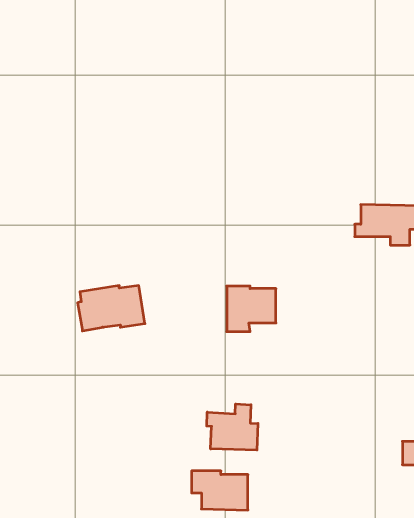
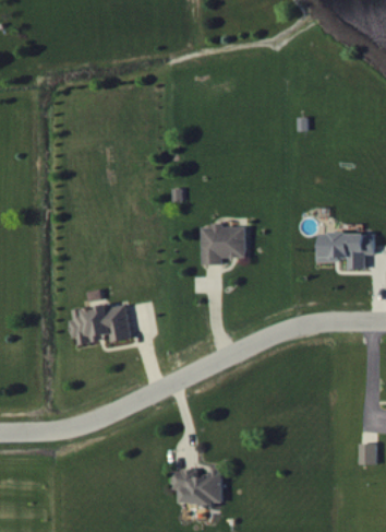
building: [227,286,276,332] -> [202,224,245,264]
building: [207,404,258,450] -> none

